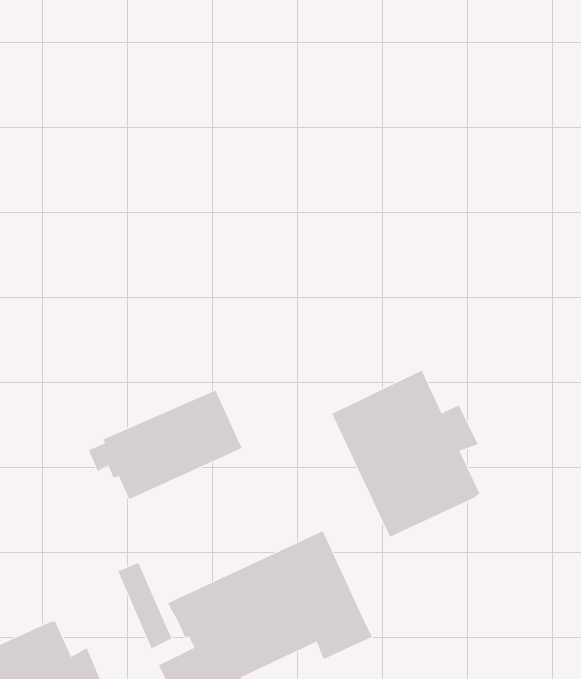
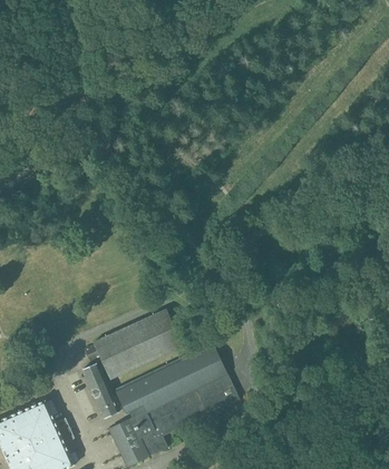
building: [332,370,480,537] -> none
building: [88,390,242,500] -> [86,310,183,379]

